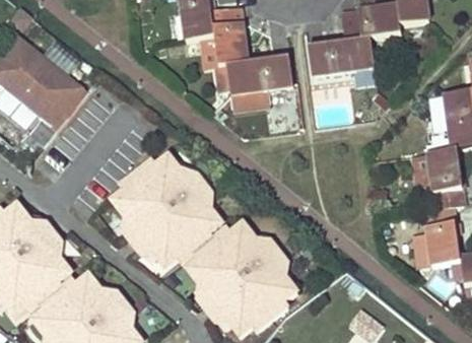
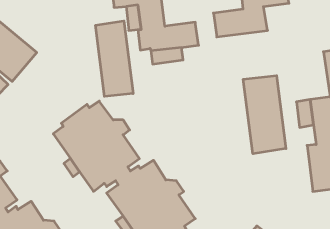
building: none -> [96,21,133,96]
building: none -> [243,76,286,154]

